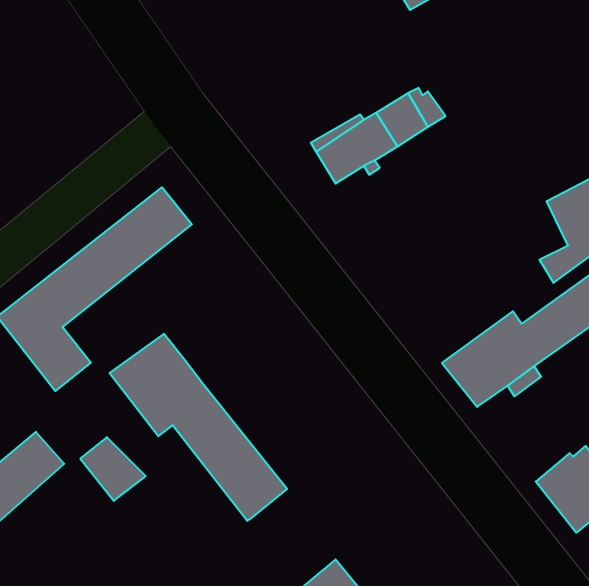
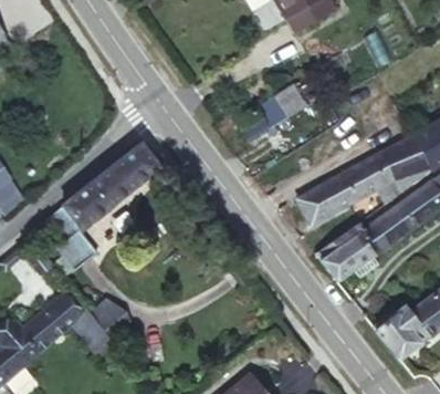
building: none -> [297,152,395,225]
building: [110,334,287,521] -> none

